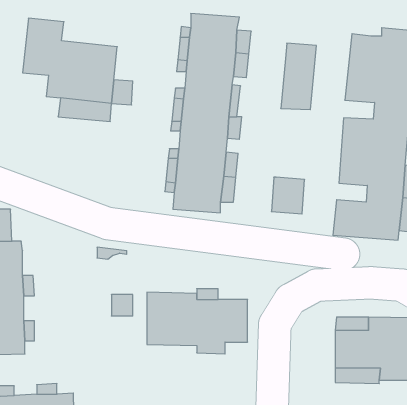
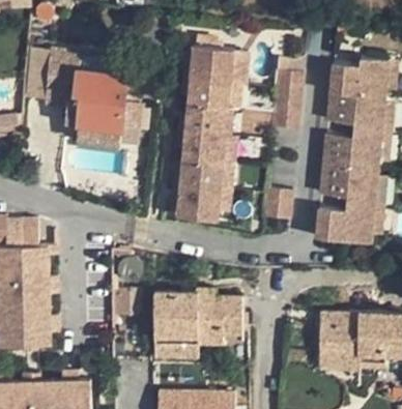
building: none -> [154,337,198,358]

